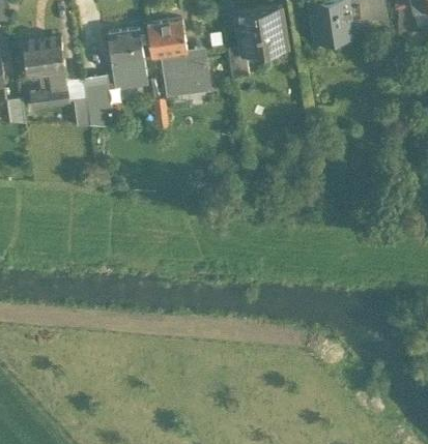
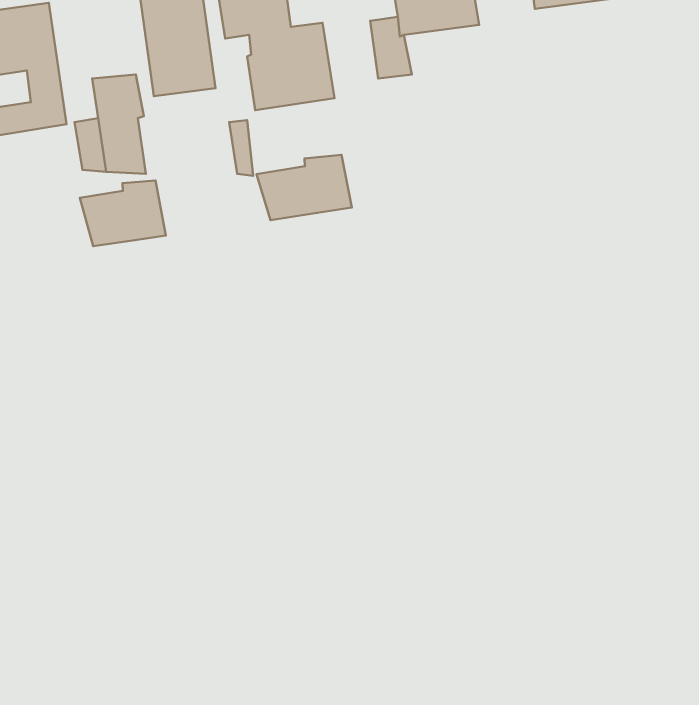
building: none -> [256,155,352,220]
building: none -> [80,180,166,246]

